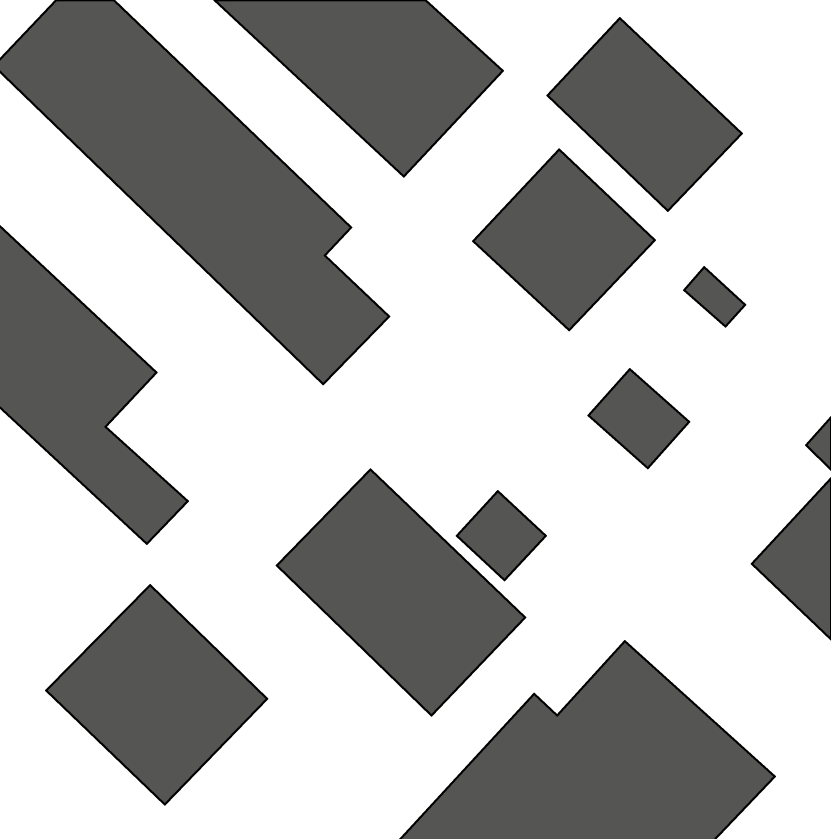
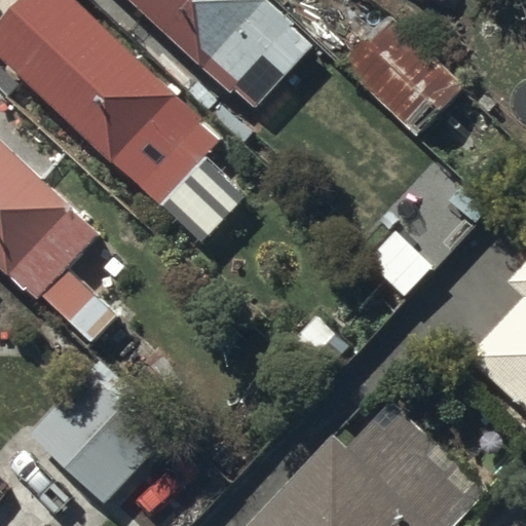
building: [473,149,655,330] -> none
building: [277,470,525,715] -> none

